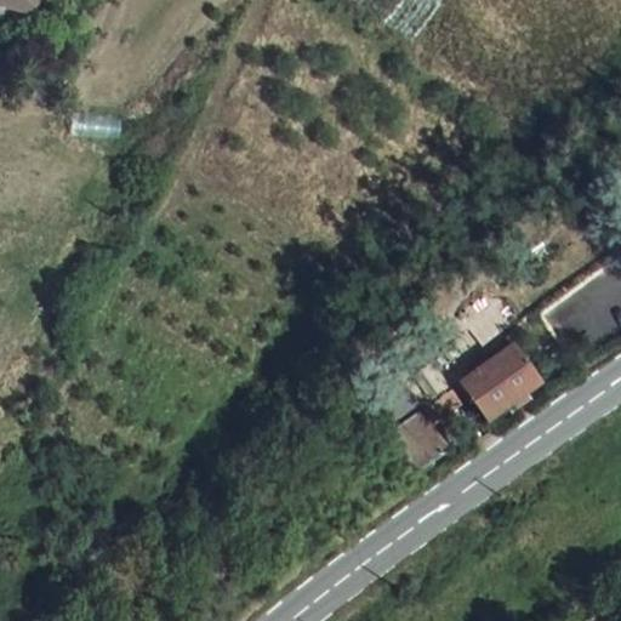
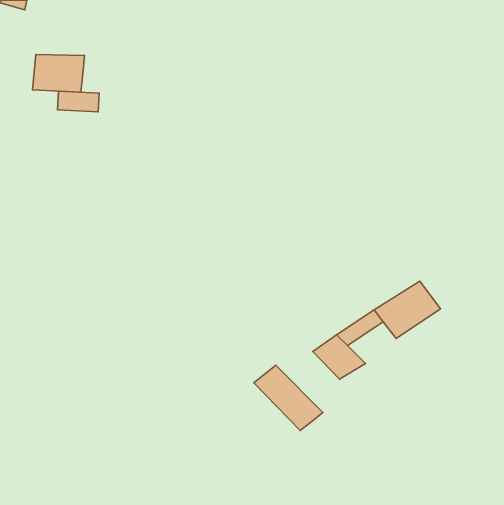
building: none -> [32,55,85,92]
building: none -> [254,365,323,431]

